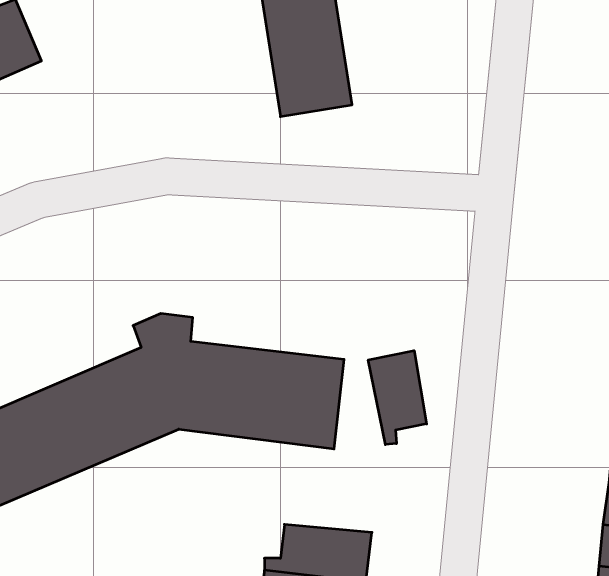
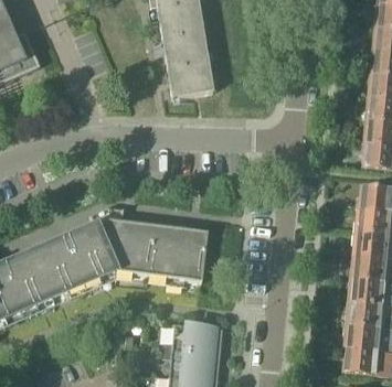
building: [368,351,427,445] -> none

